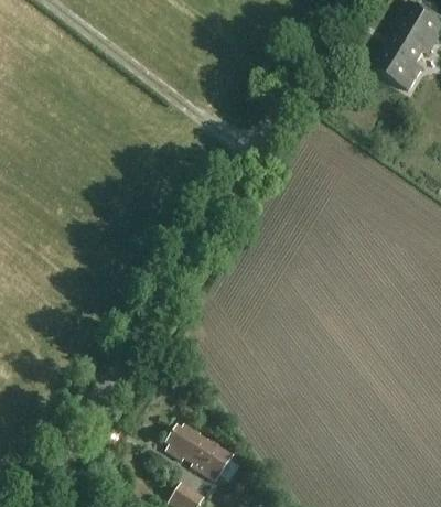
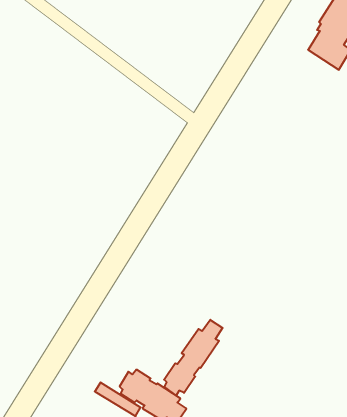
building: none -> [164,320,223,396]

